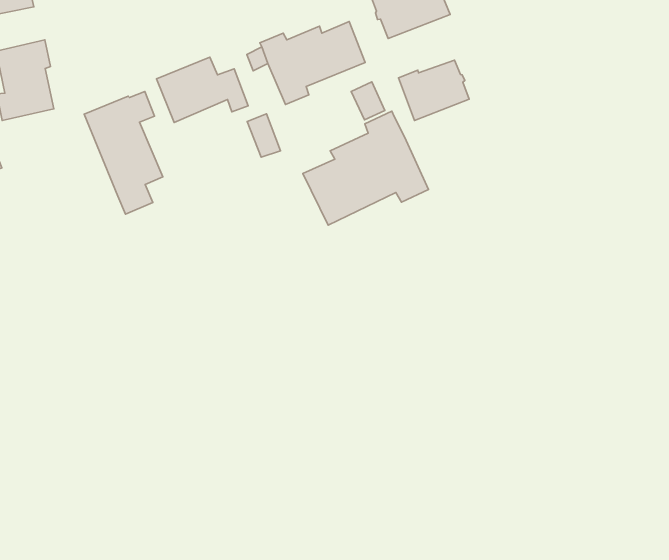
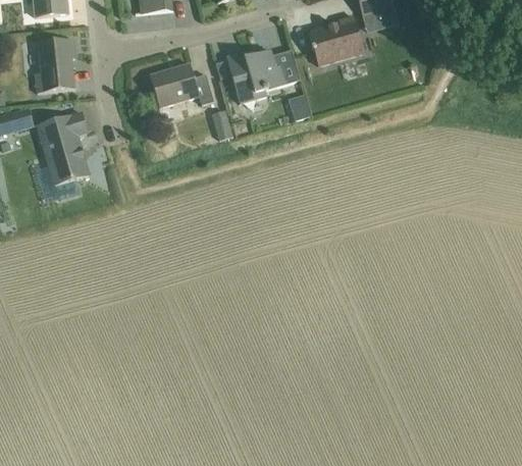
building: [399,60,469,121] -> none
building: [84,92,163,214] -> [38,112,89,198]
building: [303,111,429,225] -> none

